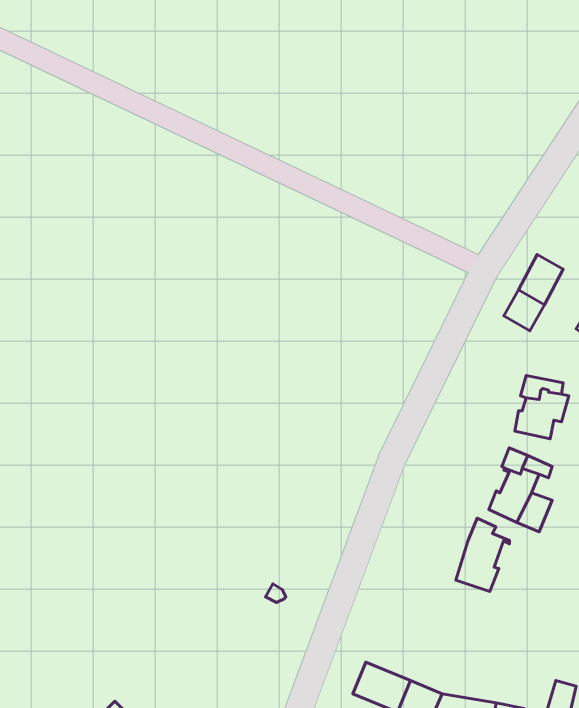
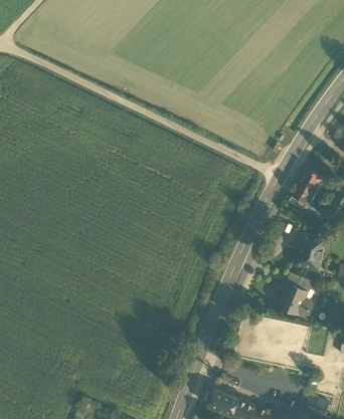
building: [456,518,510,592] -> none

